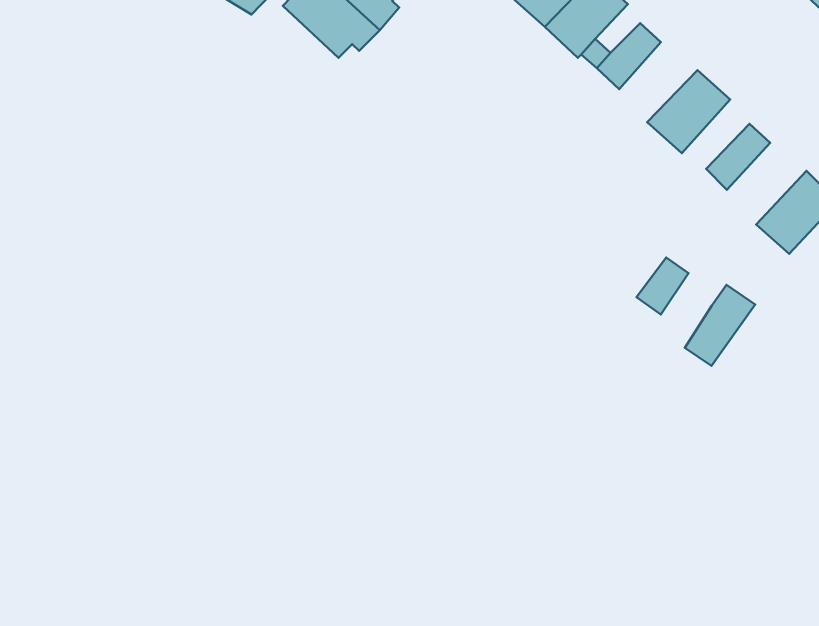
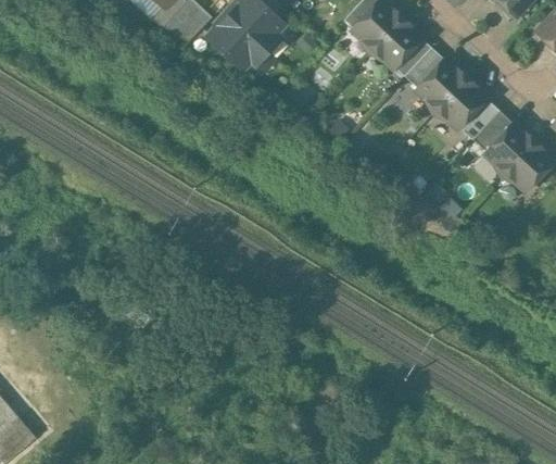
building: none -> [415,57,466,109]
building: none -> [482,120,534,173]
building: [685,285,755,366] -> none

